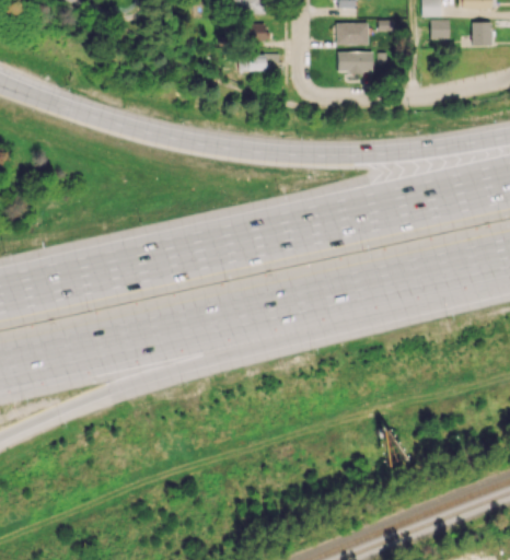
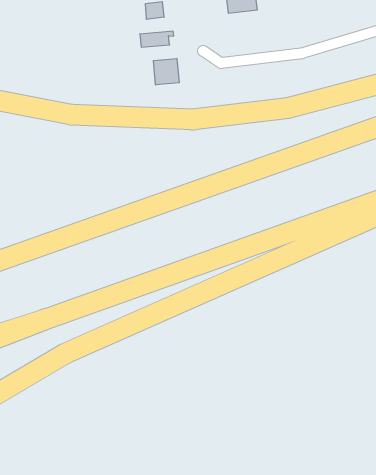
building: [338,51,373,73] -> none
building: none -> [153,58,179,85]

